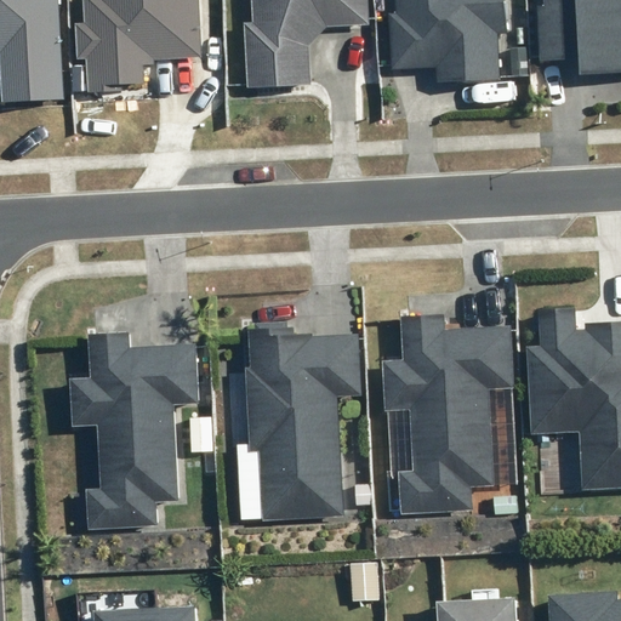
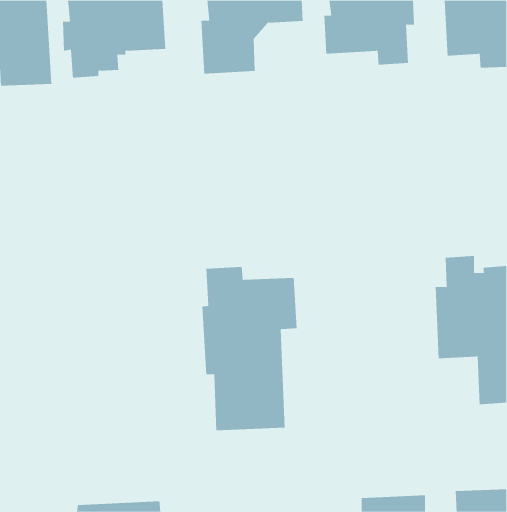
building: [381,315,513,514] -> none
building: [69,335,198,529] -> none

